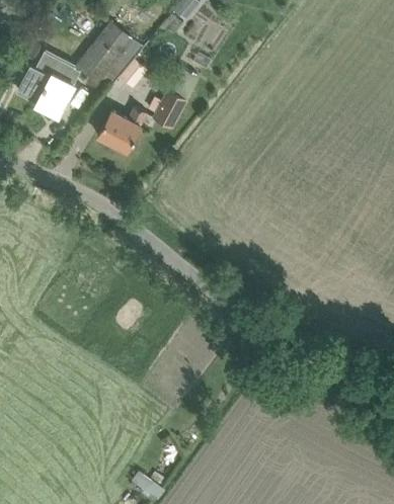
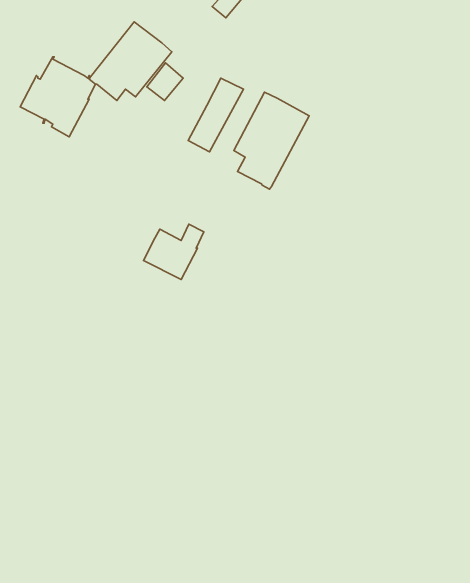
building: none -> [234,92,309,189]
building: [97,107,146,152] -> [144,224,204,279]

